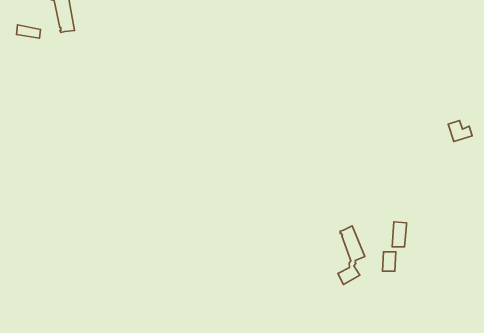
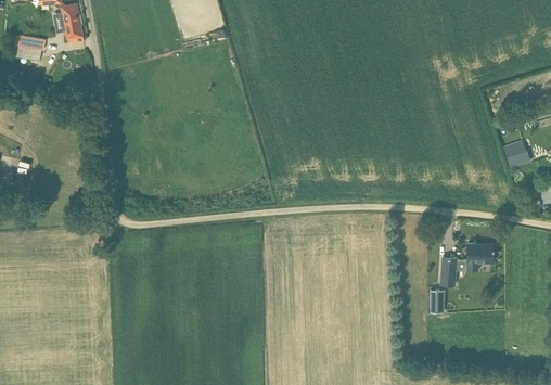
building: none -> [467,244,492,271]
building: [338,226,365,284] -> none

